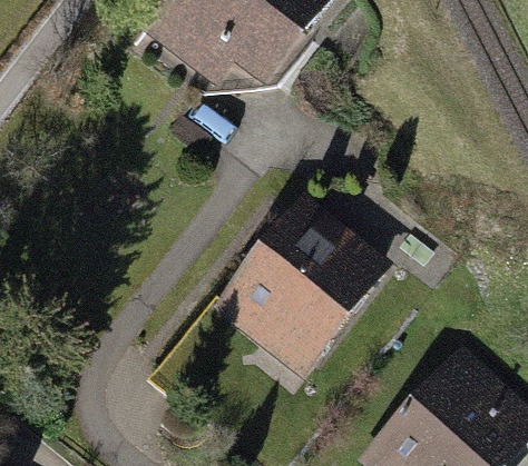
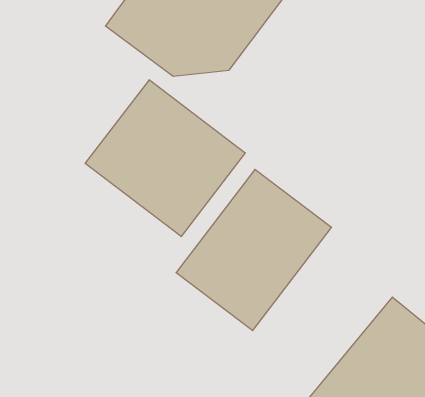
building: none -> [85,80,245,237]

